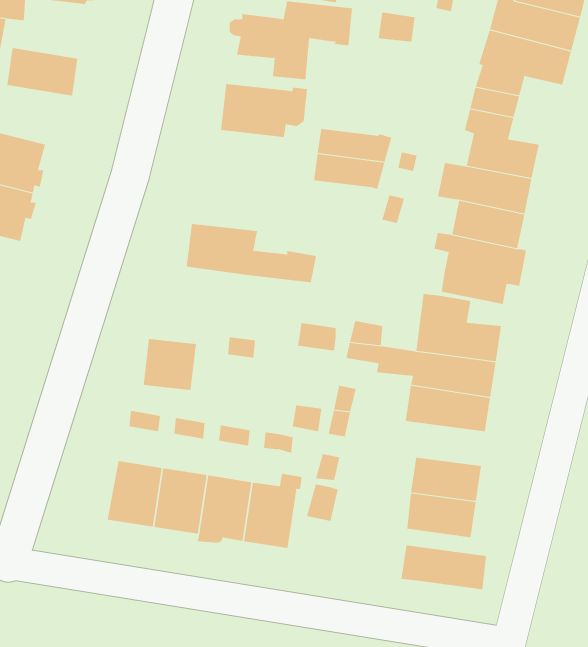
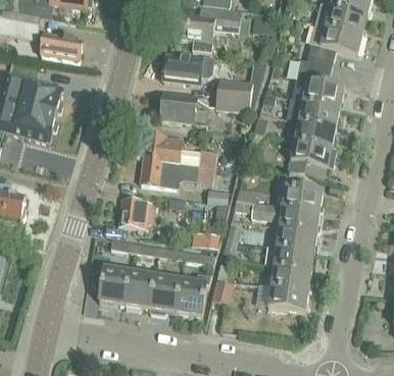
building: none -> [160,93,208,123]
building: none -> [139,157,214,187]
building: [401,545,487,590] -> [264,245,313,270]

